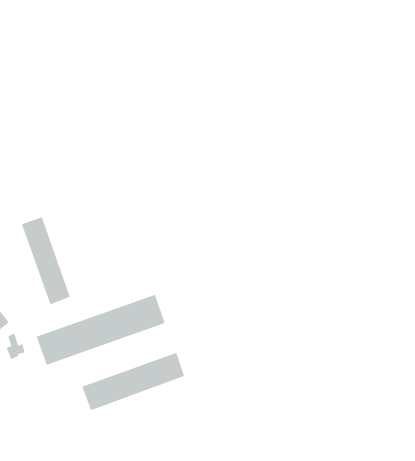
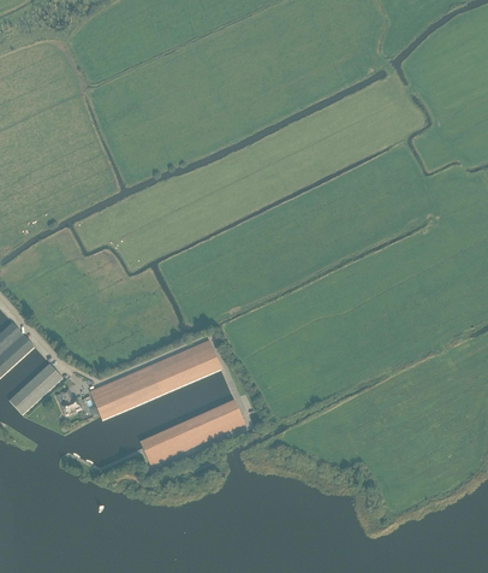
building: [21,217,71,305] -> none

